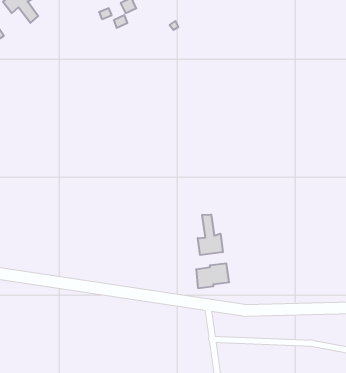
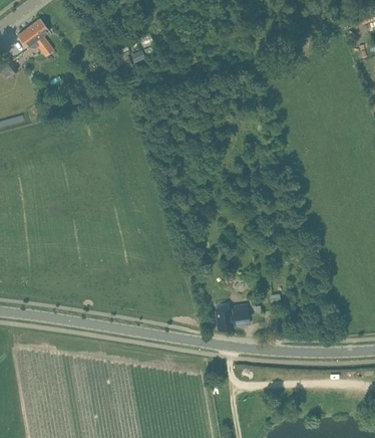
building: [198,214,223,255] -> none

